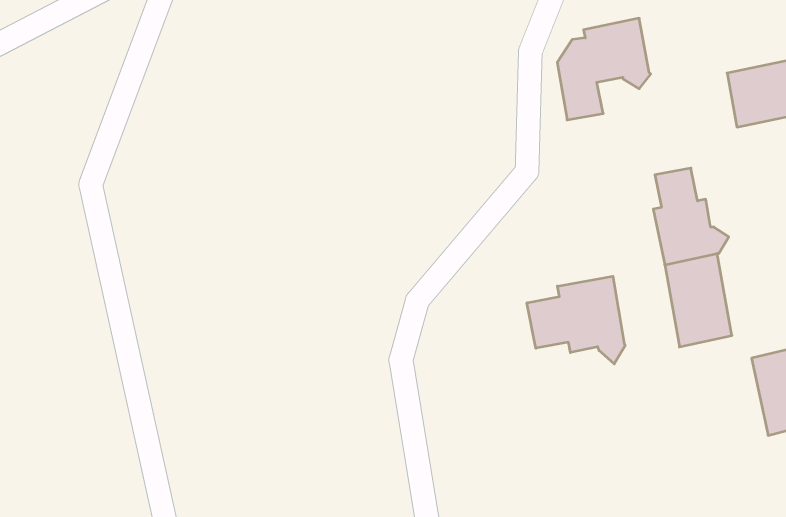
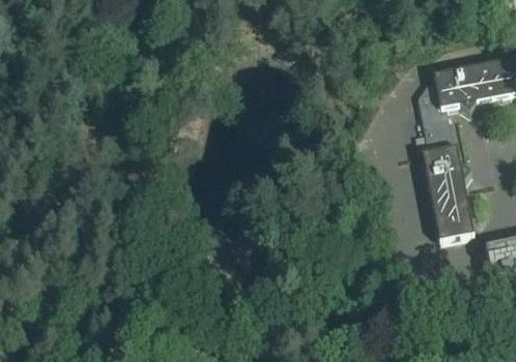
building: [557,18,651,120] -> [418,67,477,131]
building: [527,276,625,364] -> none

